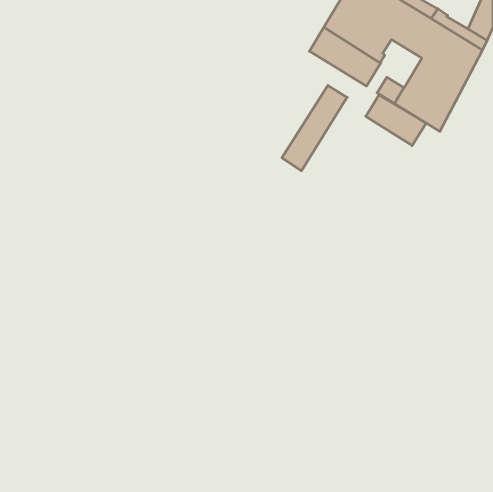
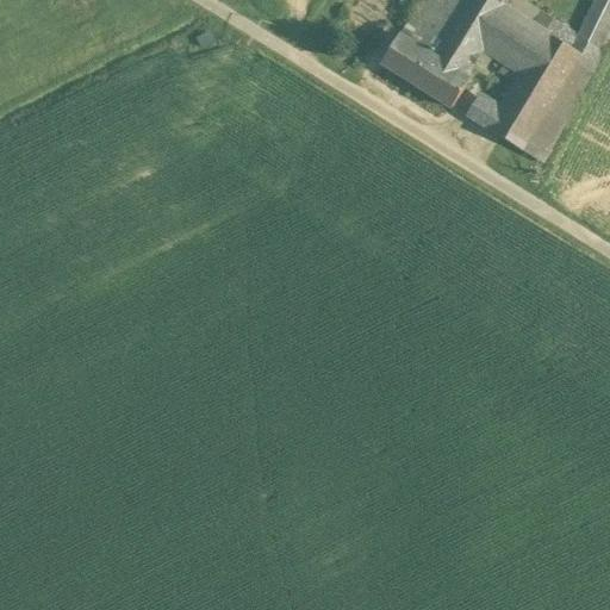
building: [282,85,347,171] -> none
building: [366,94,426,146] -> none

